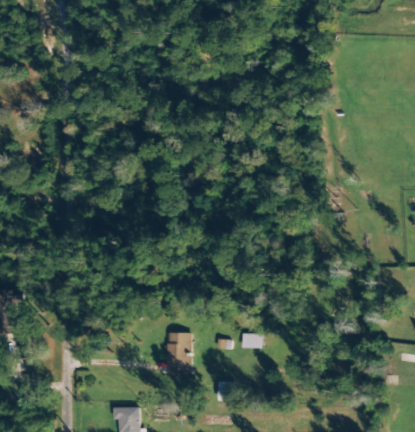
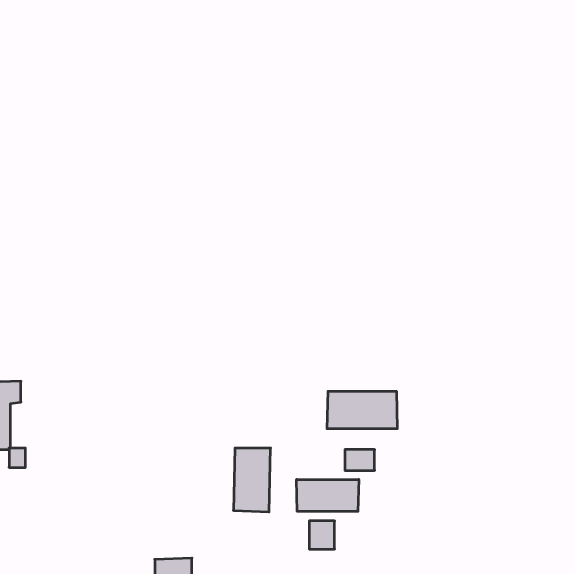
building: none -> [327,391,397,429]
building: none -> [297,479,359,511]

